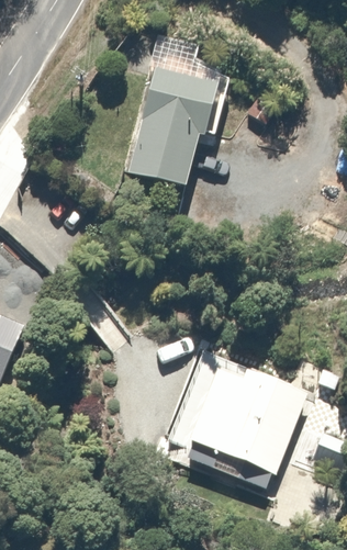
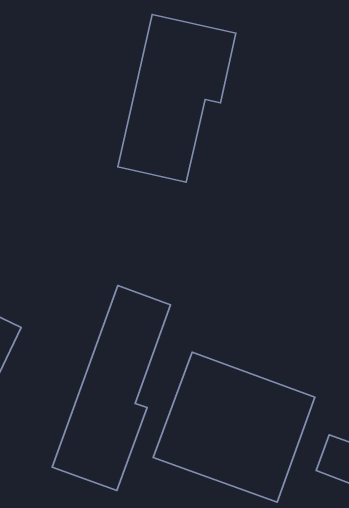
building: none -> [52,286,171,490]

